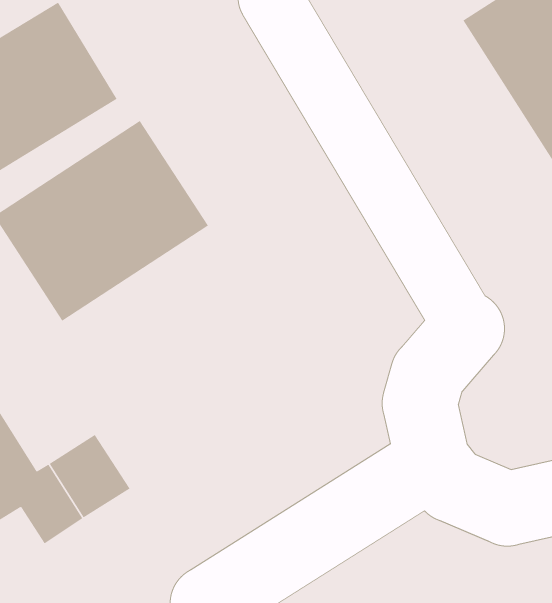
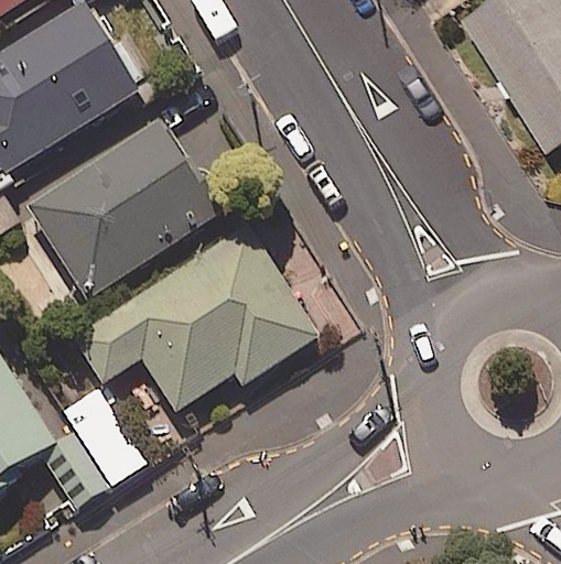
building: none -> [74,228,319,411]

